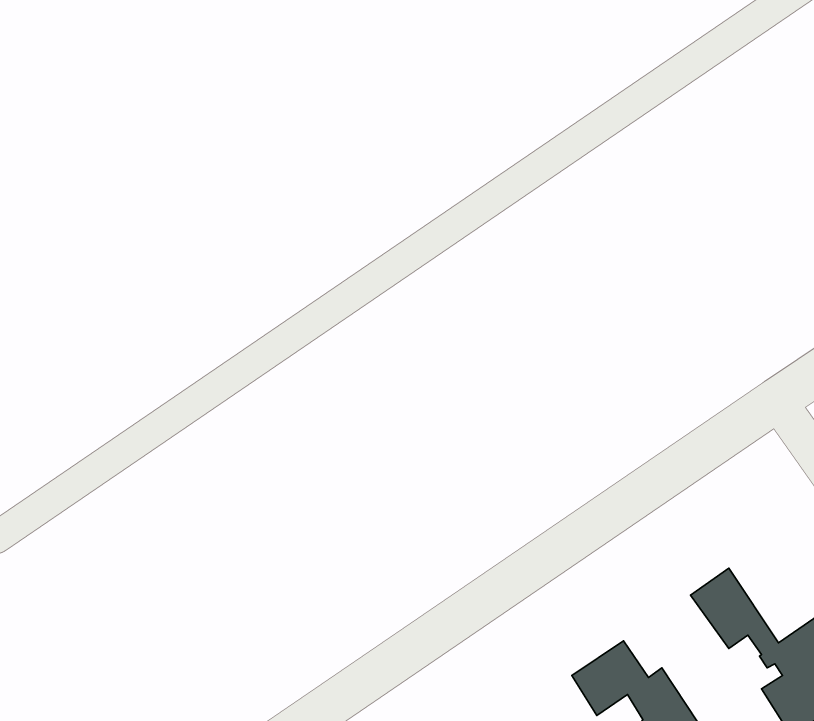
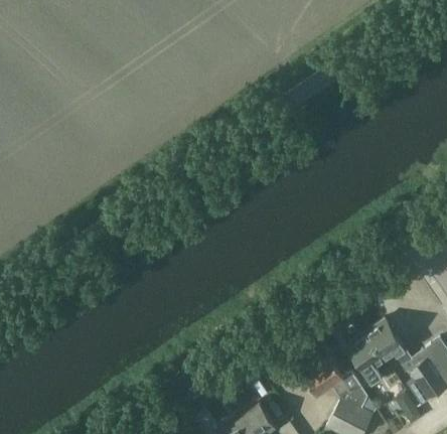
building: none -> [347,333,386,384]

